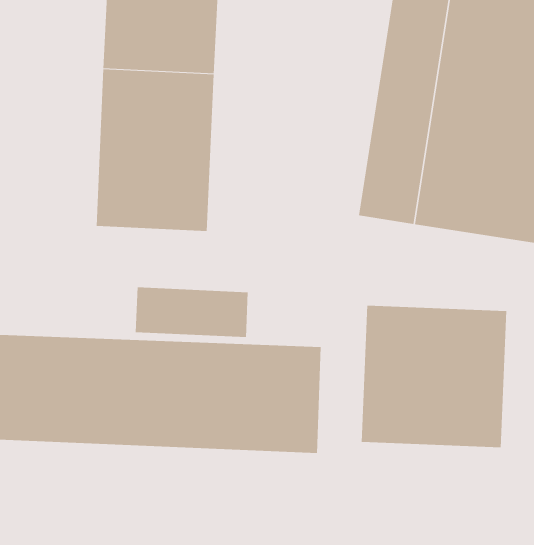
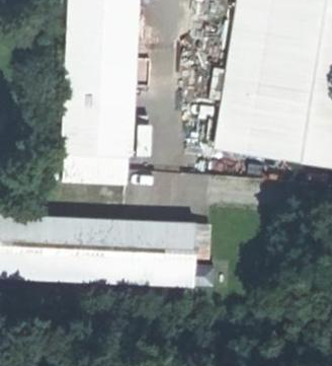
building: [135,287,249,338] -> [61,154,127,184]
building: [361,305,507,448] -> none

